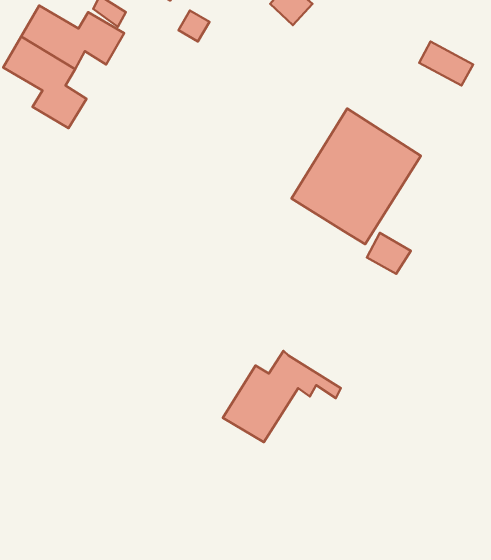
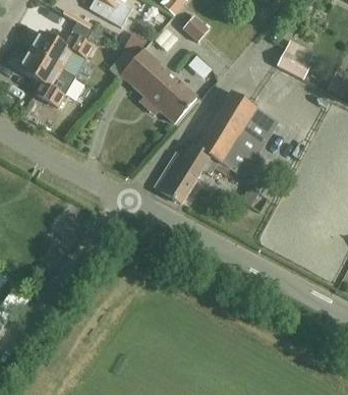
building: none -> [120,49,195,122]
building: [223,351,341,442] -> [155,147,228,204]

